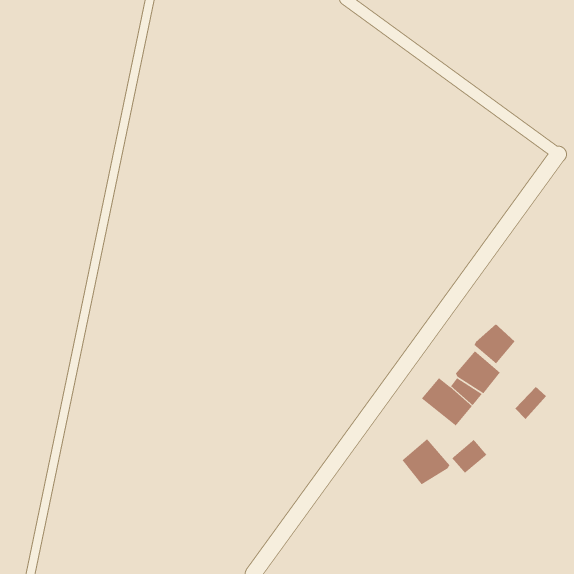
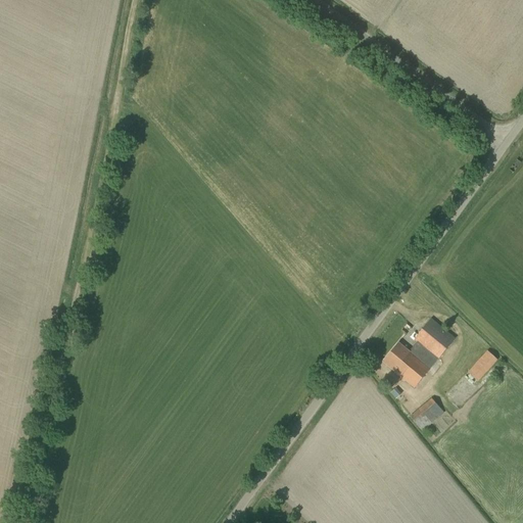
building: [474,323,516,364] -> none
building: [402,438,450,486] -> none

